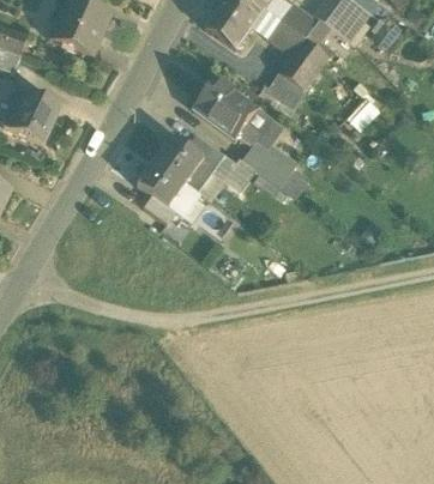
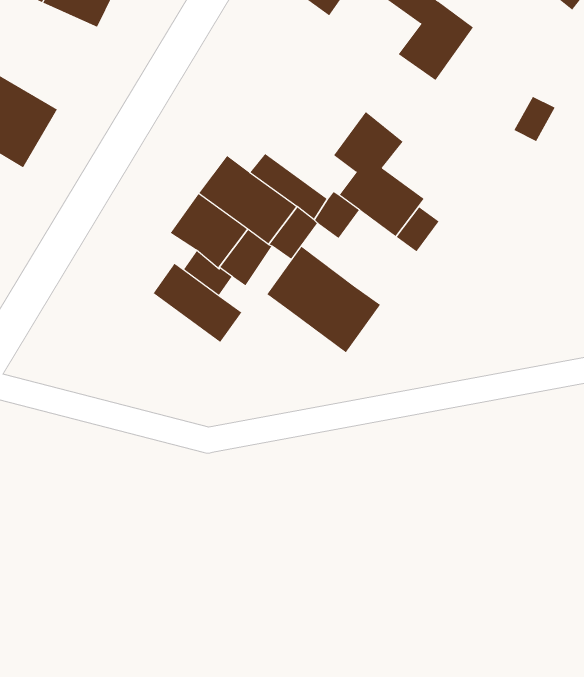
building: [264,69,305,107] -> none
building: [192,75,258,138] -> none
building: none -> [267,246,381,353]
building: none -> [153,263,242,343]

